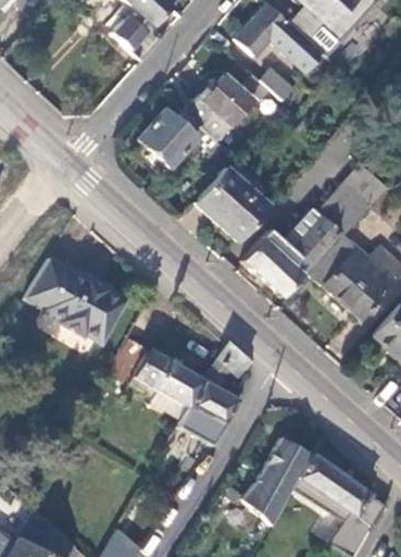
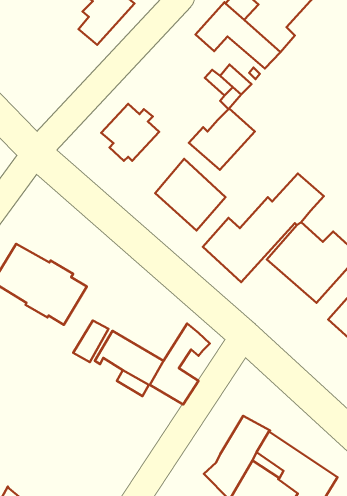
building: [186,77,255,141] -> [189,109,255,170]
building: [343,163,387,207] -> none
building: [175,405,223,445] -> none

